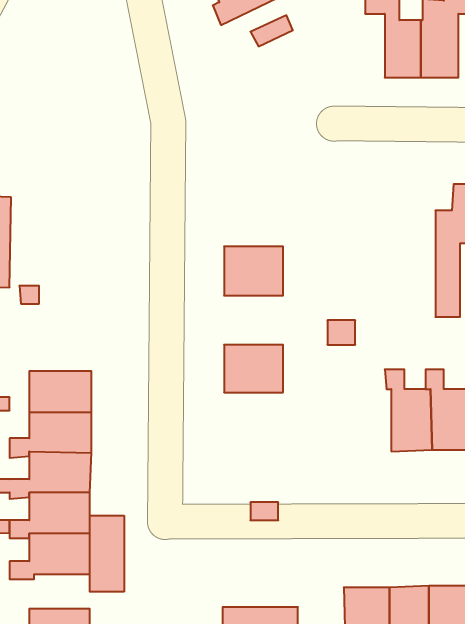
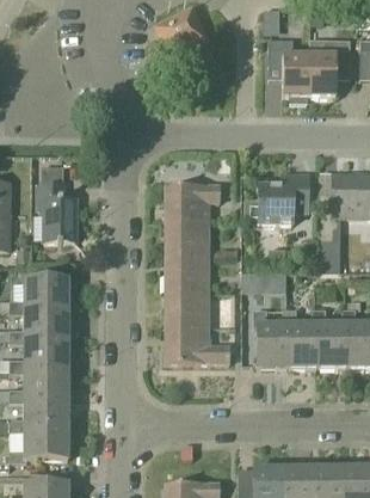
building: none -> [246,174,308,223]
building: none -> [33,183,76,241]
building: none -> [166,184,220,219]
building: none -> [166,254,209,290]
building: none -> [24,278,69,309]
building: none -> [253,308,288,368]
building: none -> [166,325,230,362]
building: [90,516,124,592] -> none

